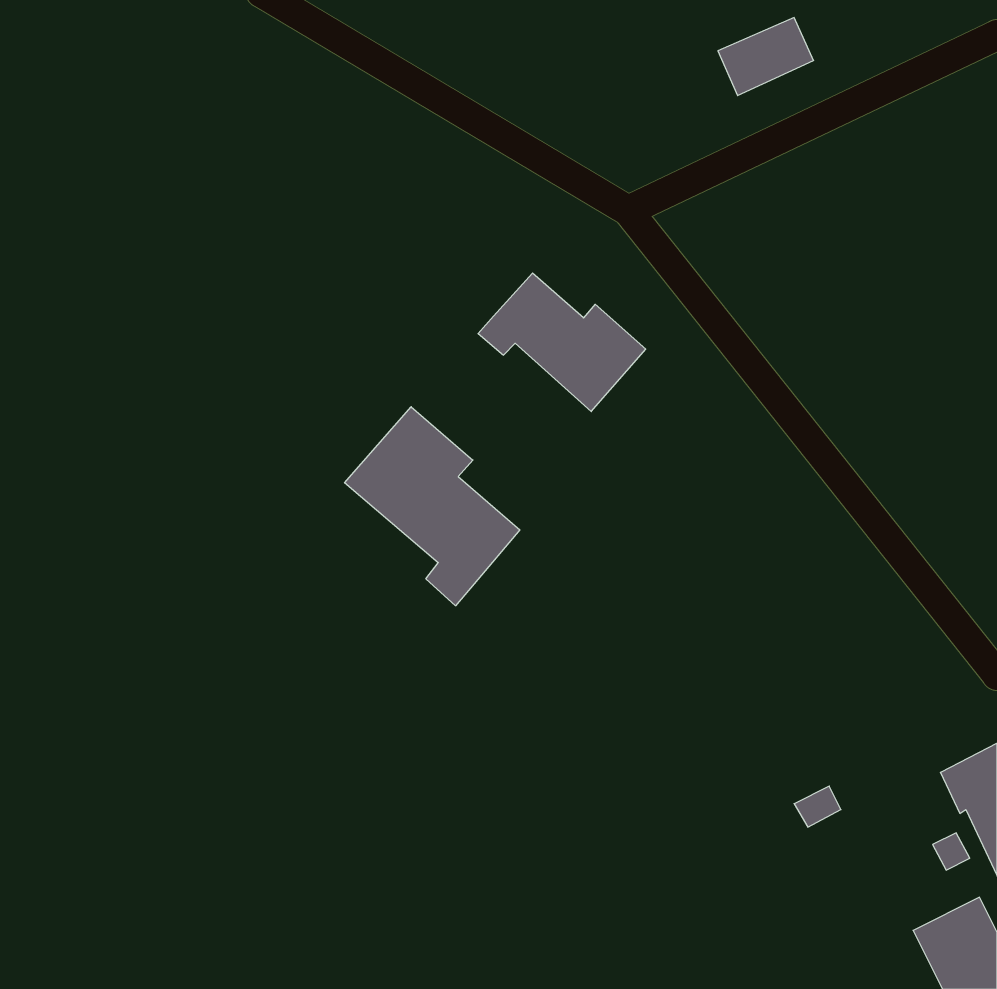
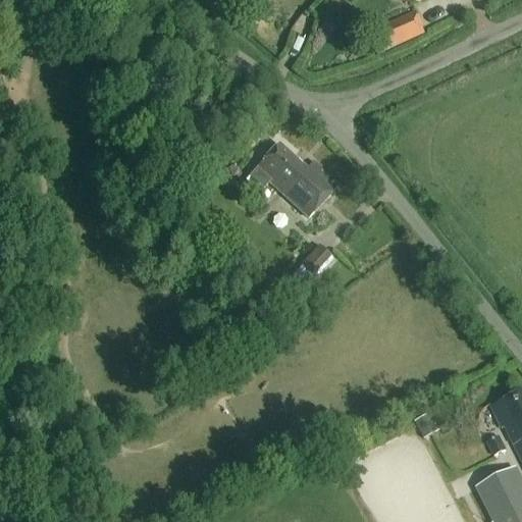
building: [345,407,520,606] -> none
building: none -> [295,243,332,280]

